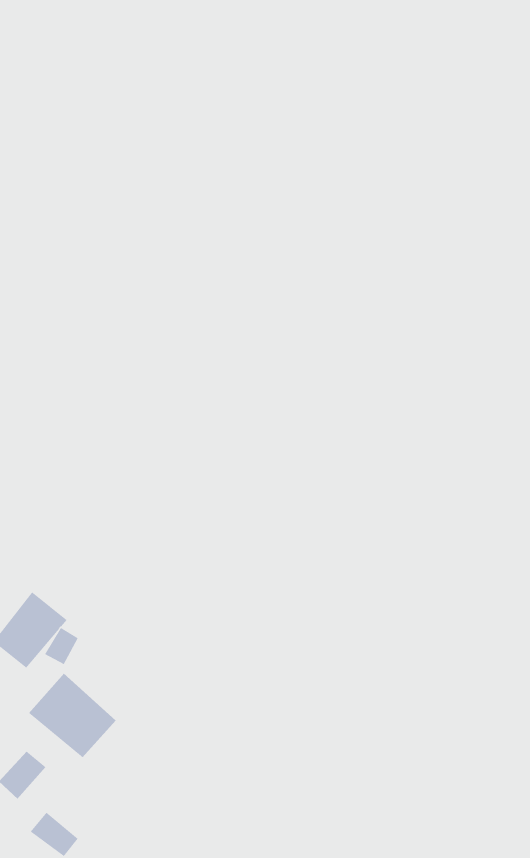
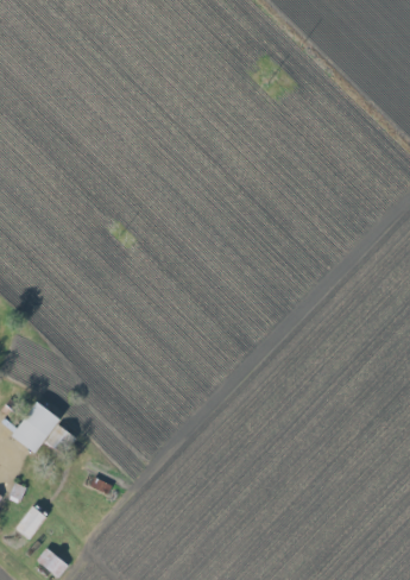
building: [28,673,117,758] -> none

